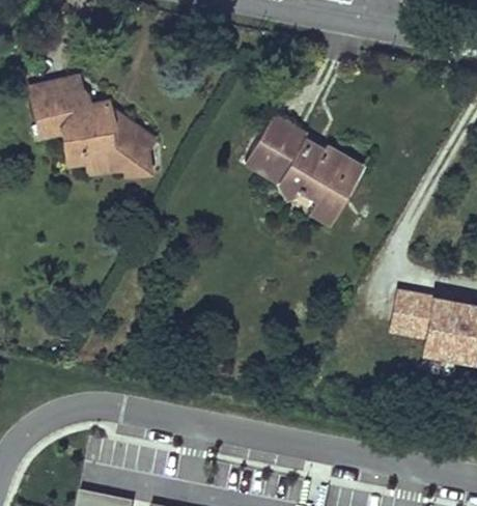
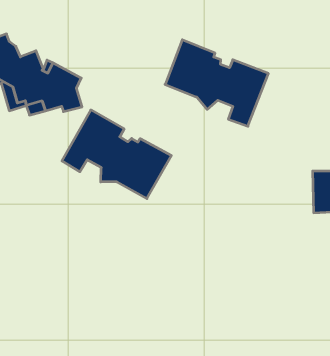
building: none -> [62,110,171,199]

